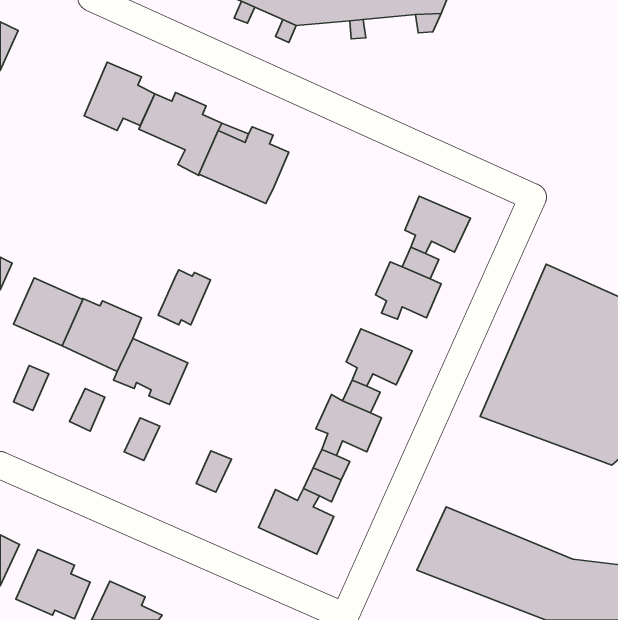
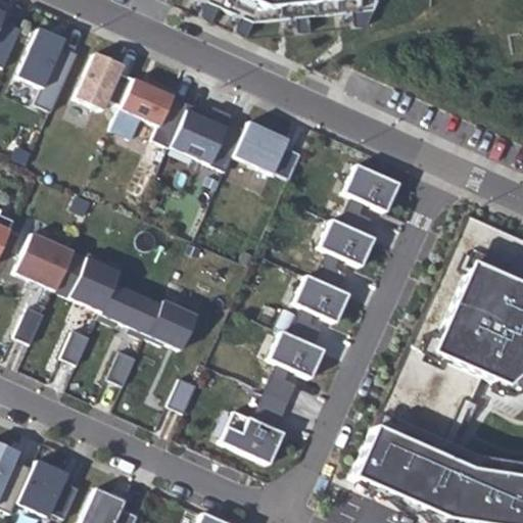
building: none -> [17,28,78,111]
building: none -> [234,121,302,179]
building: [158,270,210,325] -> [146,300,190,346]

